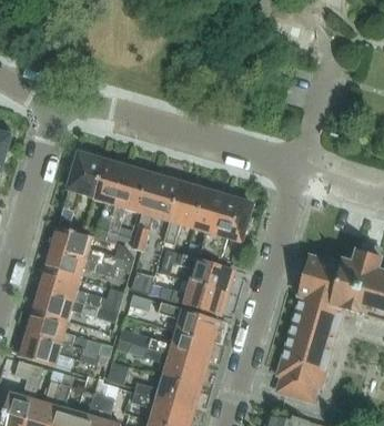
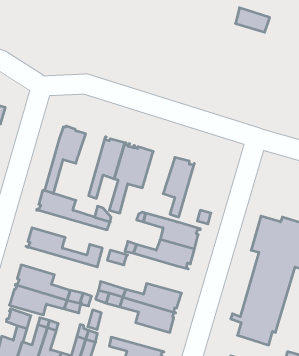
building: [92,159,127,232] -> none
building: [163,182,205,245] -> none
building: [210,195,252,258] -> none
building: [43,248,117,280] -> none
building: [31,290,118,324] -> none
building: [158,303,220,343] -> none
building: [133,376,200,409] -> none

